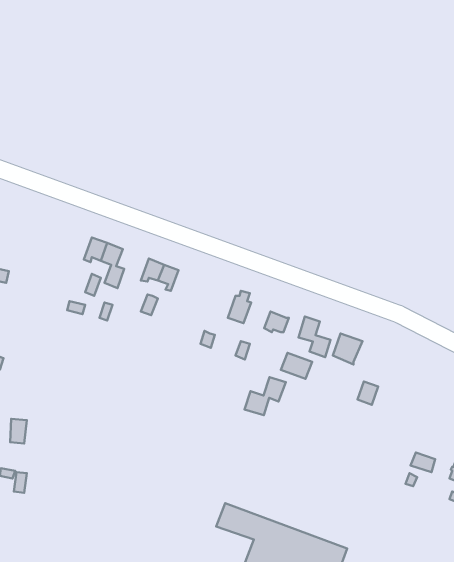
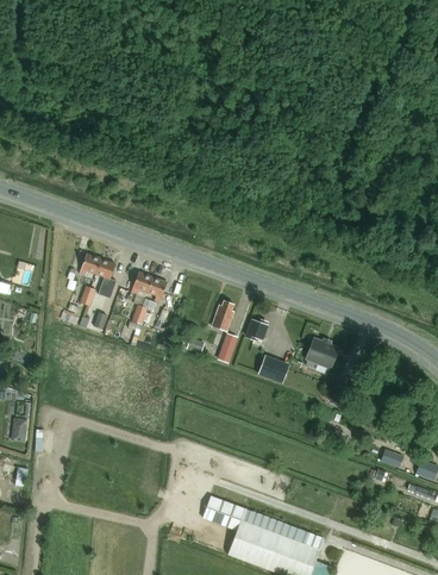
building: [299,317,331,357] -> none
building: [244,377,286,415] -> none

